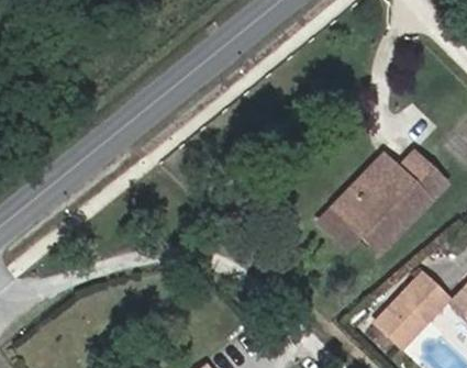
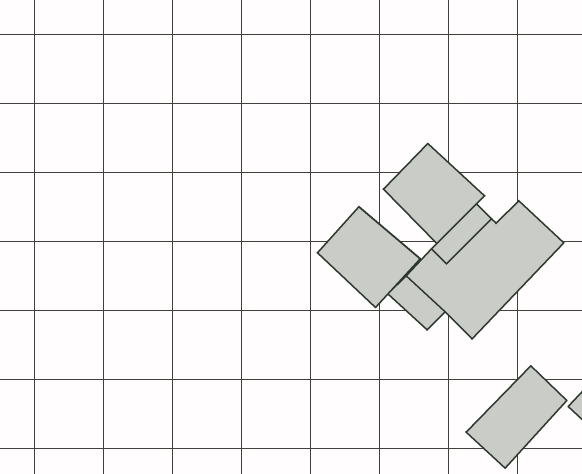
building: none -> [383,144,485,244]
building: none -> [317,207,420,307]

